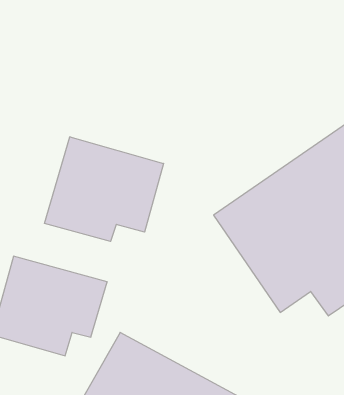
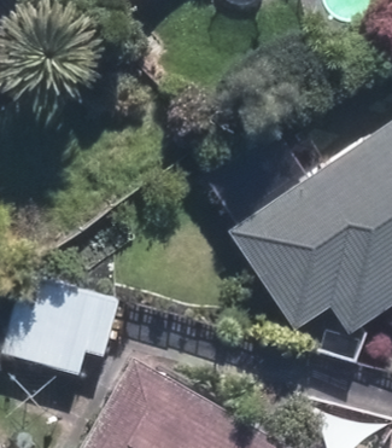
building: [44,137,164,241] -> none

